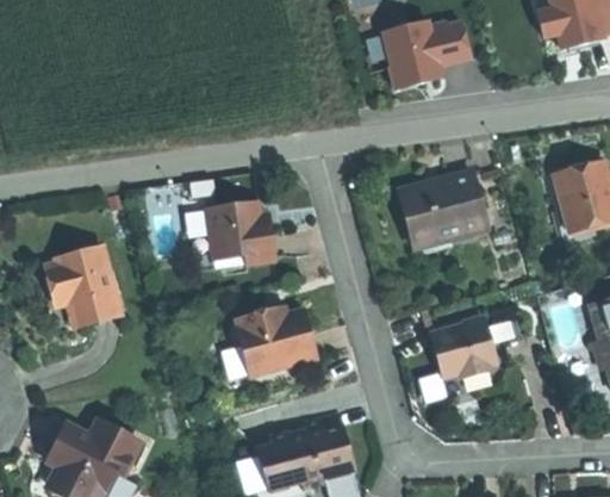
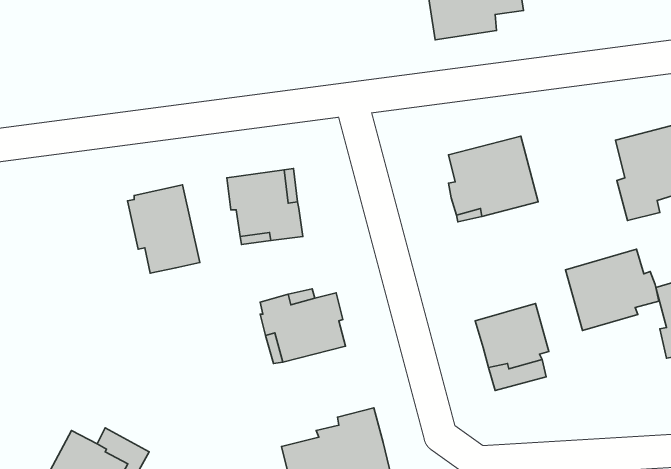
building: [55,253,119,331] -> [128,185,200,273]
building: none -> [565,249,659,330]

